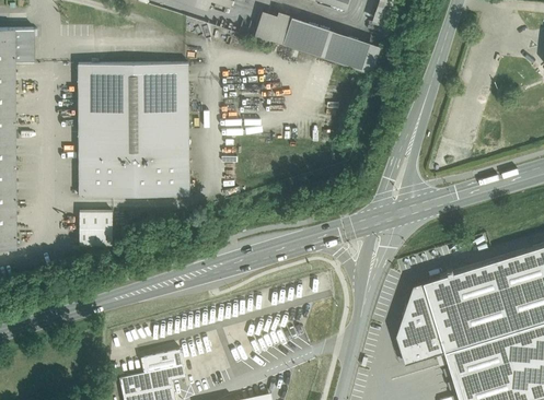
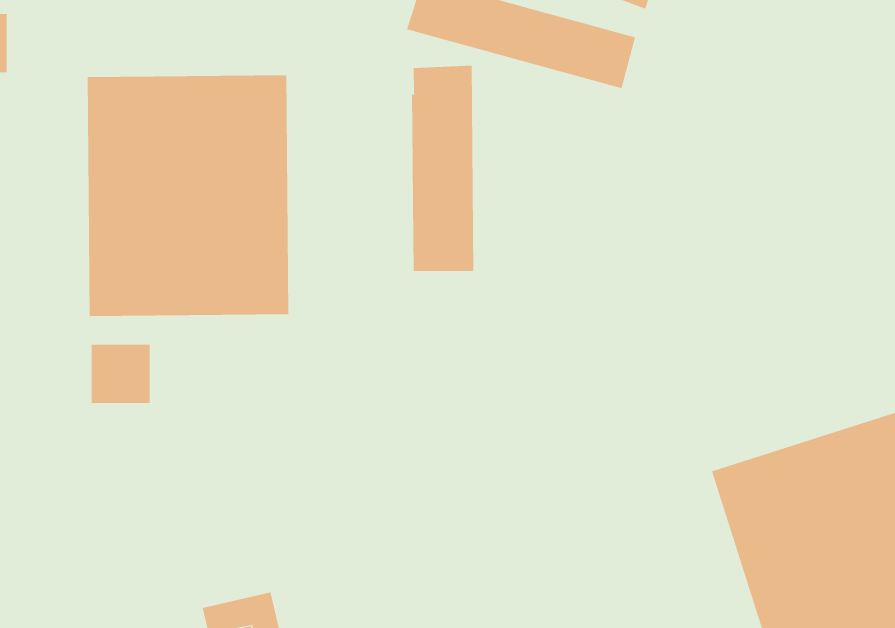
building: none -> [411,65,474,272]
building: [396,283,444,365] -> none

